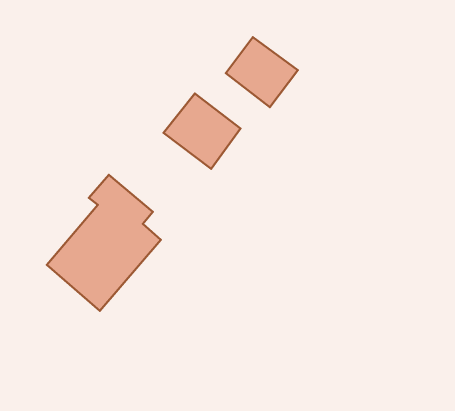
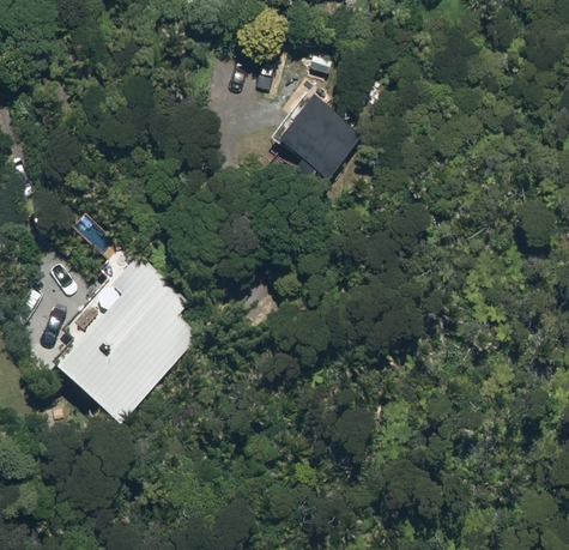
building: [164,94,241,169] -> none

